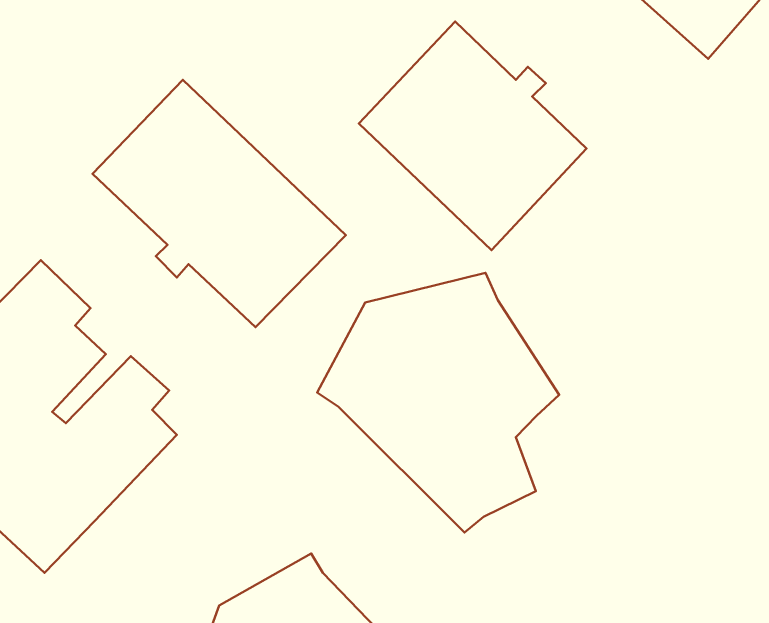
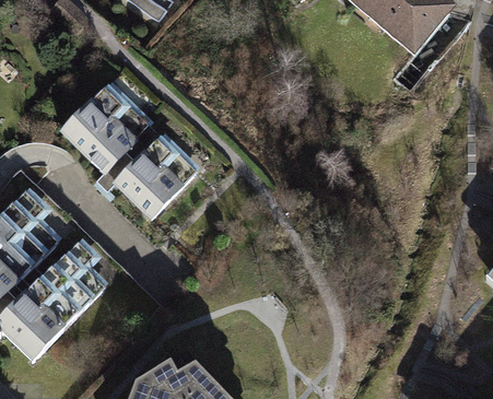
building: [359,22,586,250] -> none
building: [317,273,559,533] -> none

